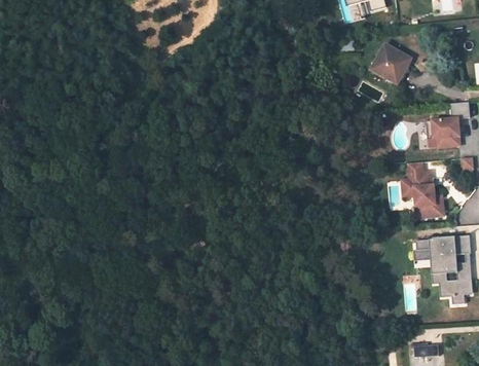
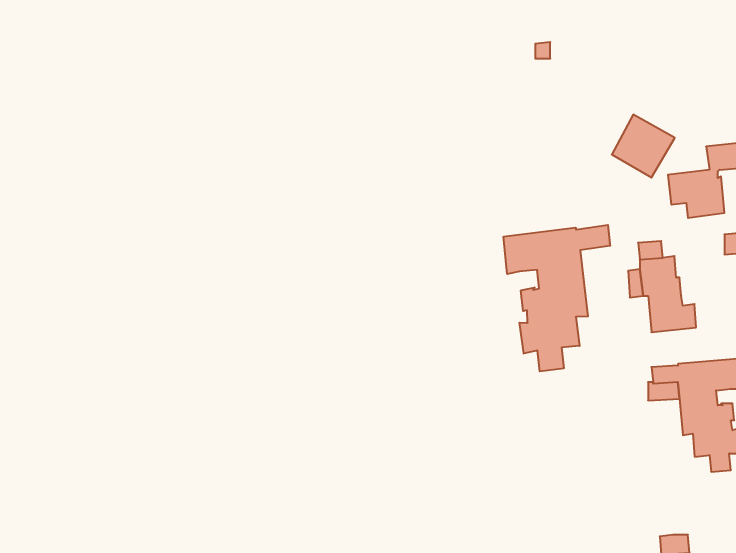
building: [371,44,410,83] -> [612,115,675,178]
building: none -> [504,225,610,371]

